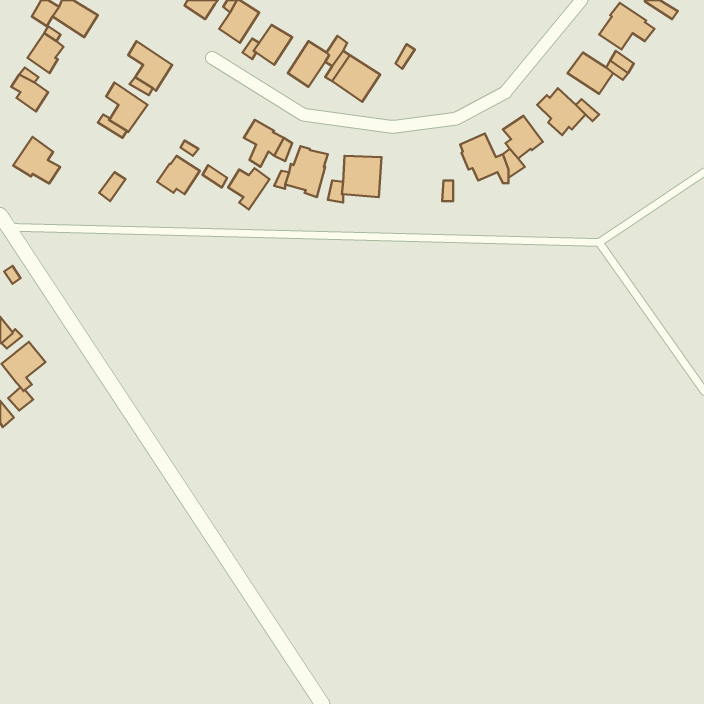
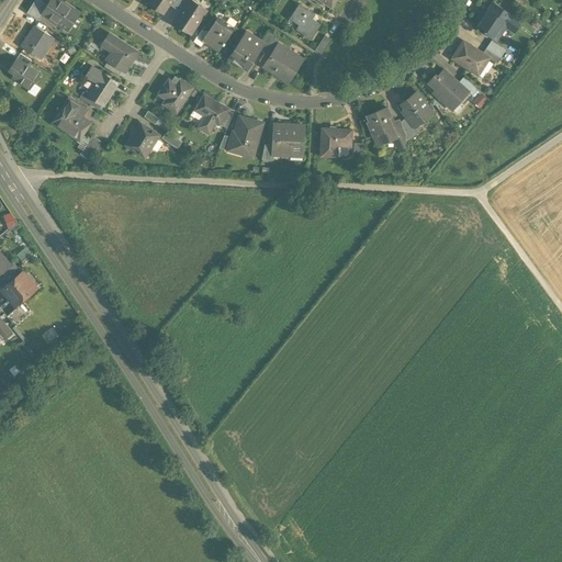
building: none -> [291,4,319,40]
building: [13,137,60,184] -> [52,99,89,136]
building: none -> [319,128,352,158]
building: [228,168,270,210] -> [158,79,191,112]

